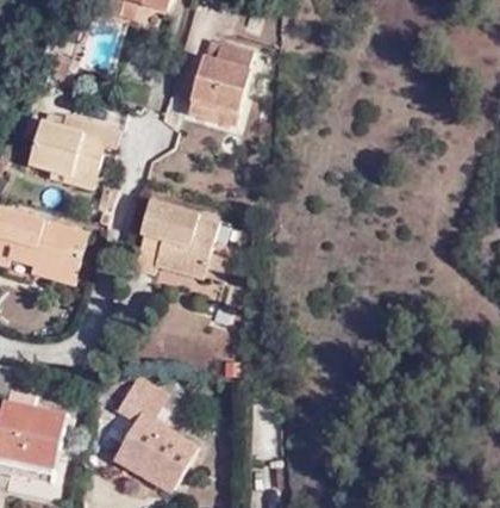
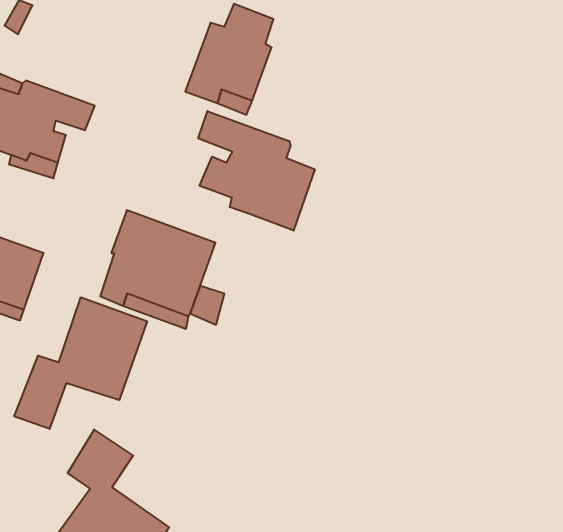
building: none -> [198,111,315,231]
building: none -> [14,297,147,429]

